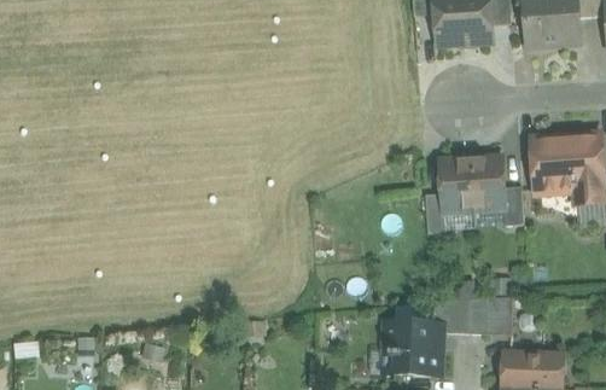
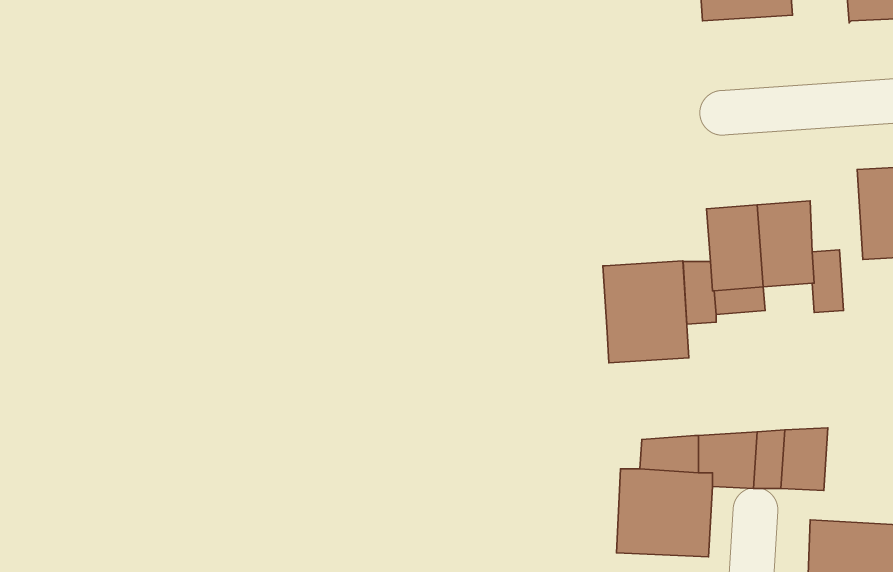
building: none -> [603,261,689,363]

